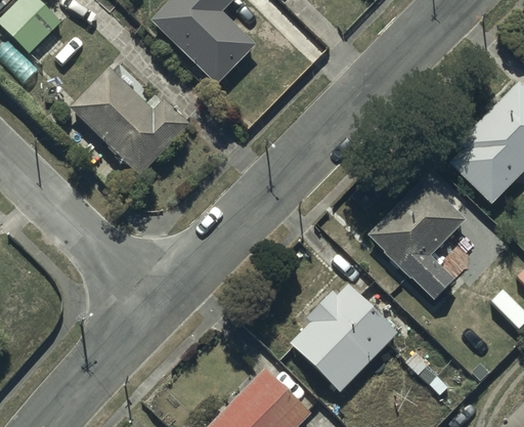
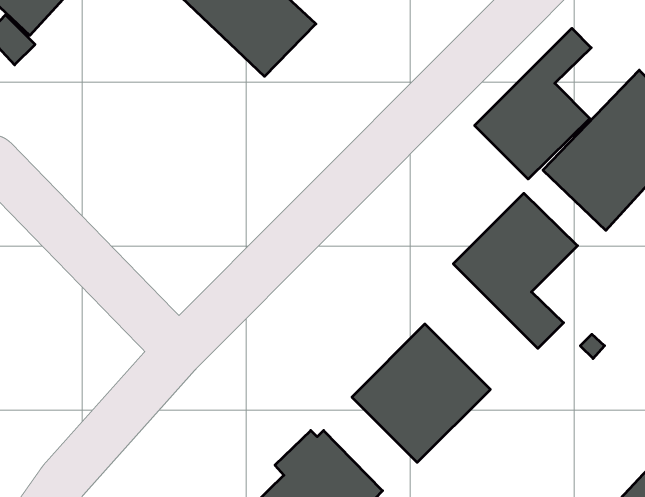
building: none -> [475,28,591,179]
building: [70,67,191,178] -> none

